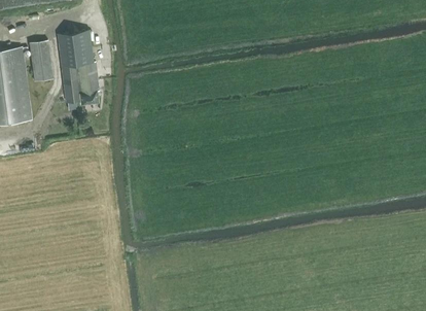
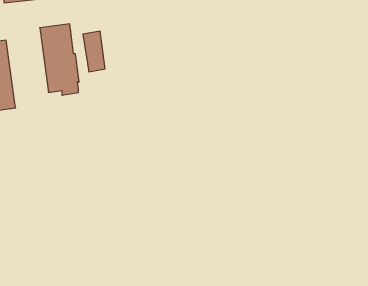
building: [29,39,52,82] -> [83,31,105,72]

